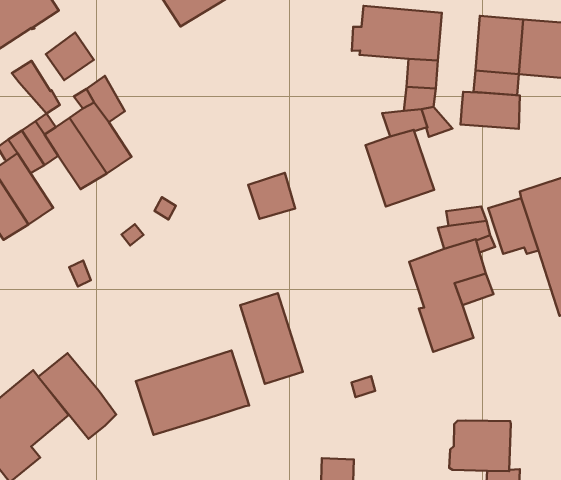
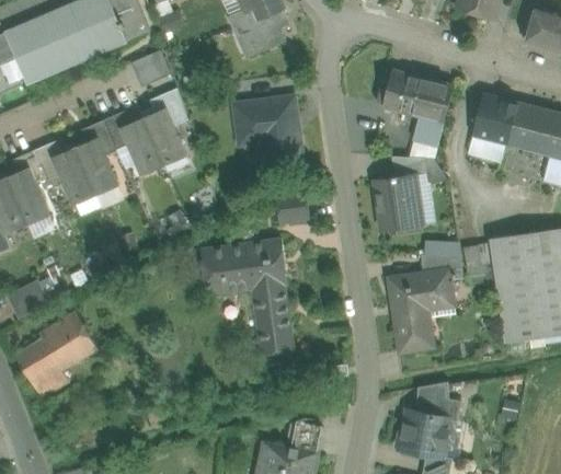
building: [12,61,60,114] -> none
building: none -> [234,97,301,170]
building: [460,92,520,129] -> none
building: [136,351,249,435] -> [201,239,287,294]
building: [38,353,116,439] -> none
building: none -> [415,382,460,421]

